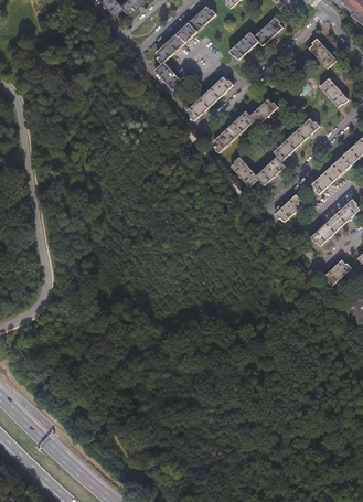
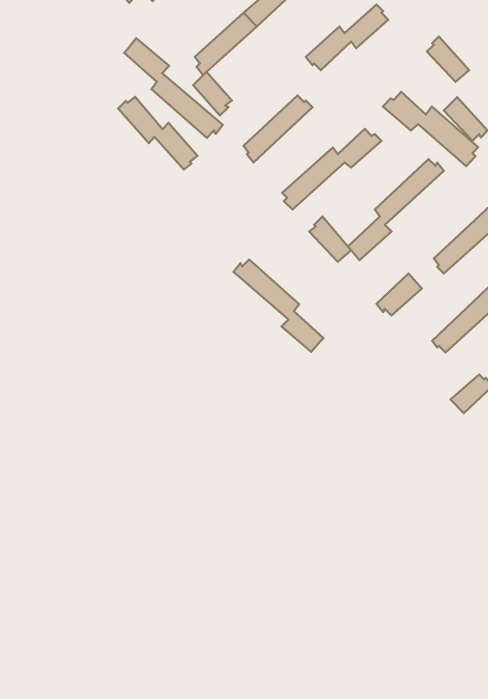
building: none -> [124,38,223,138]
building: none -> [383,92,478,166]
building: none -> [118,97,197,170]
building: none -> [234,259,324,352]

